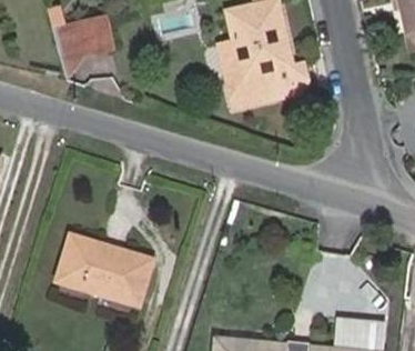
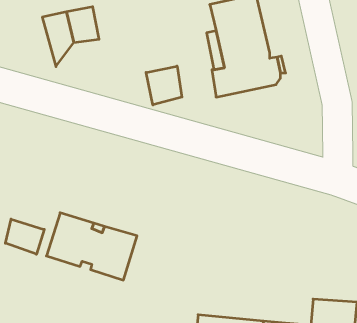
building: none -> [146,66,182,105]
building: none -> [5,219,44,254]

